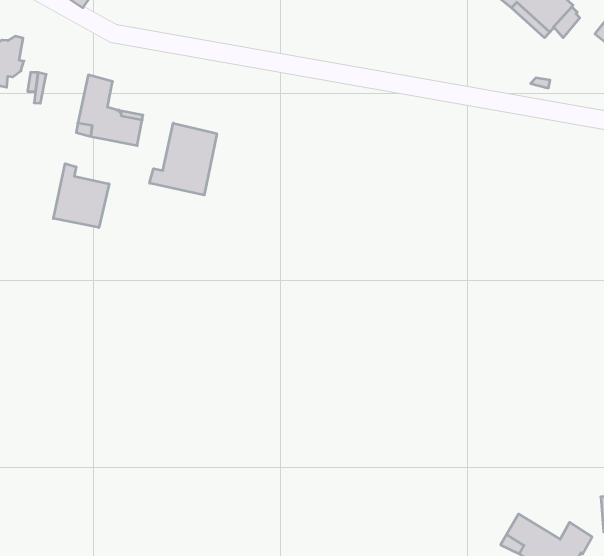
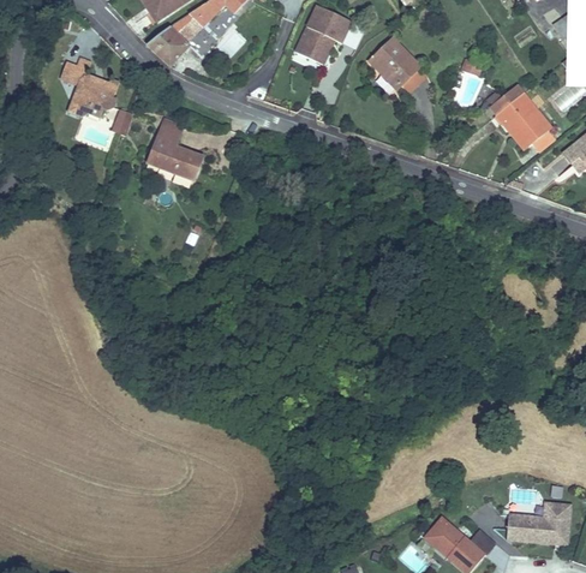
building: [150,123,217,195] -> none
building: [53,164,109,228] -> none

